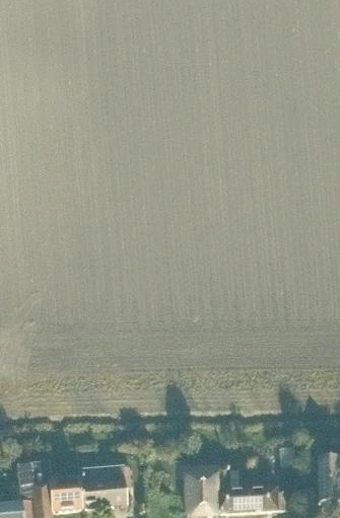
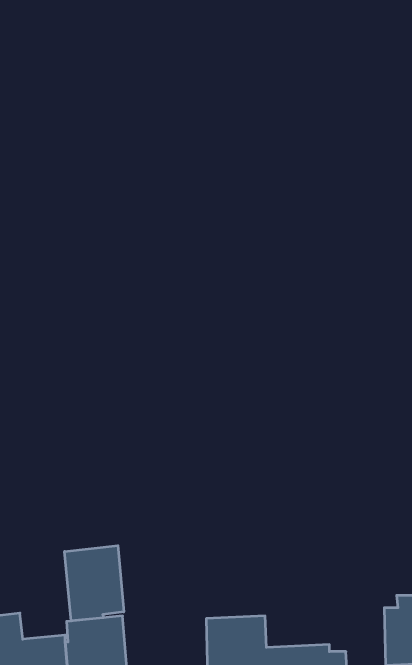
building: none -> [65,546,124,621]

